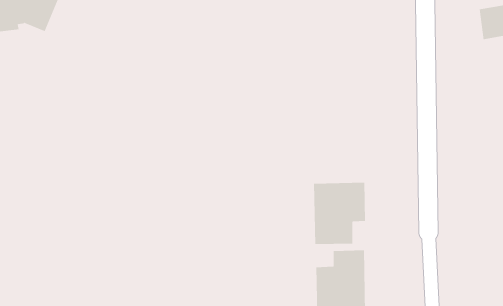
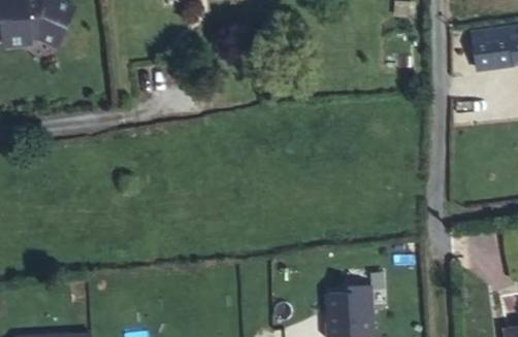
building: [313,182,365,245] -> none

